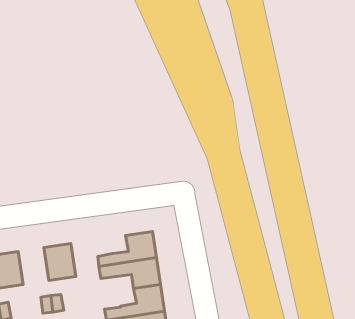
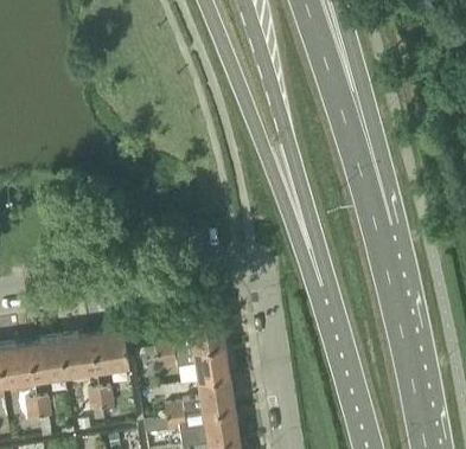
building: none -> [59,334,96,378]

